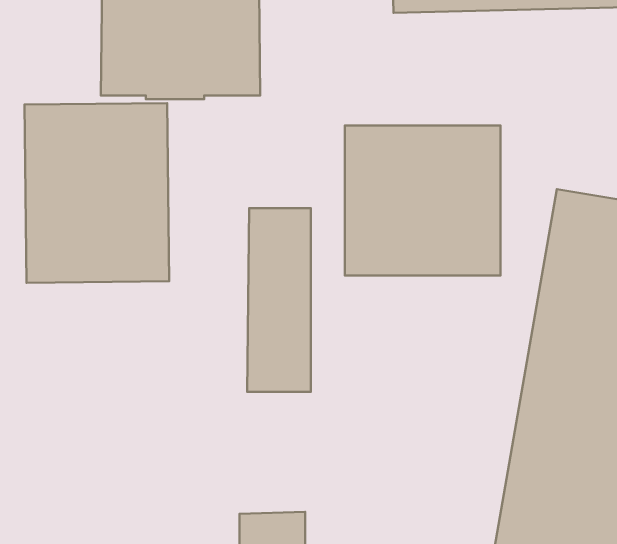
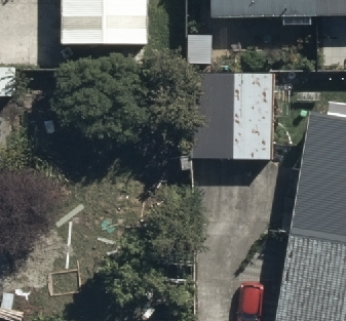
building: [25,103,169,283] -> none

